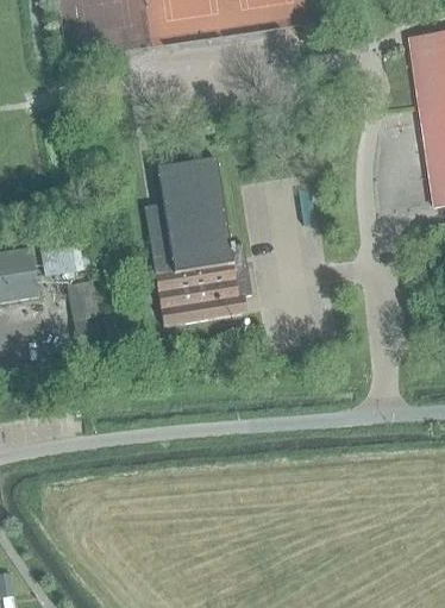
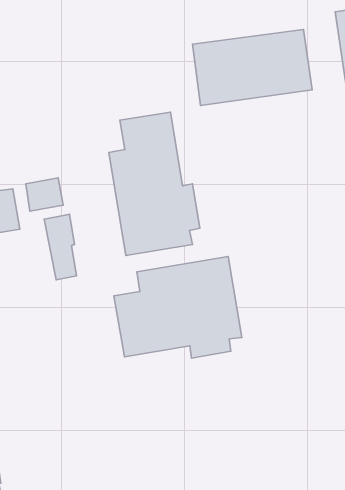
building: none -> [192,29,312,105]
building: none -> [114,257,242,358]

